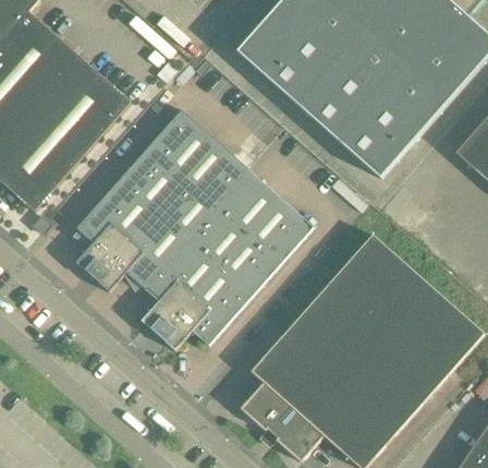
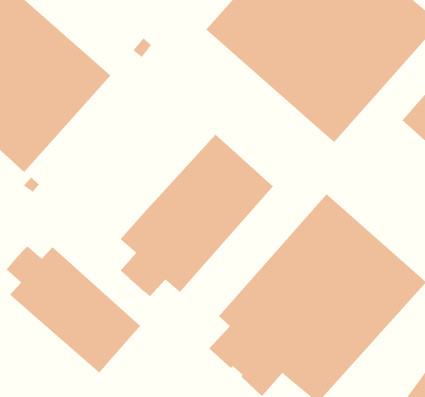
building: [74,108,247,291] -> none
building: none -> [6,246,141,373]

